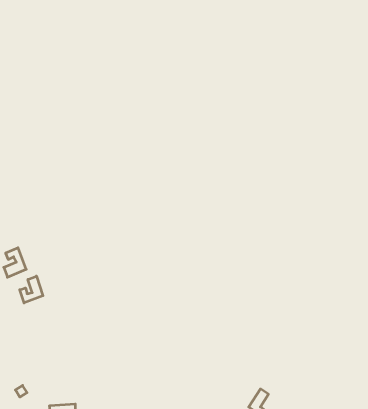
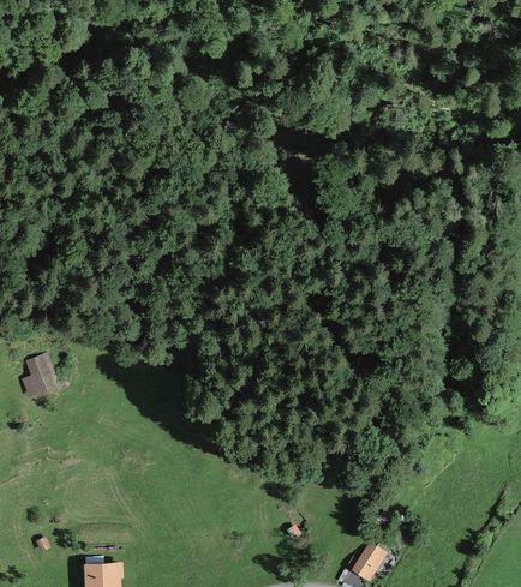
building: [20,276,43,303] -> none

